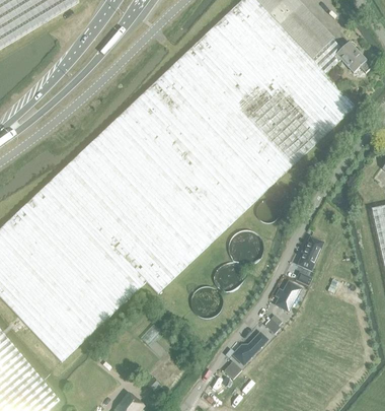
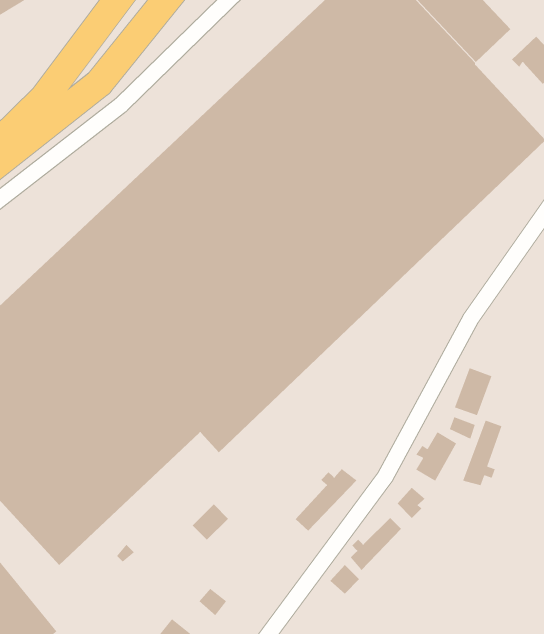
building: none -> [462,420,502,486]
building: none -> [295,468,357,531]

